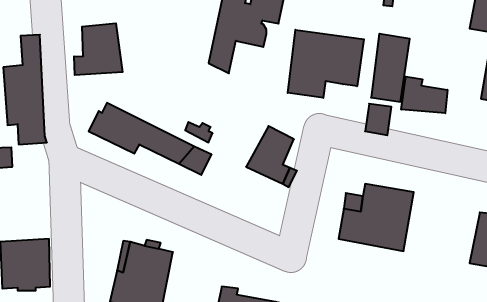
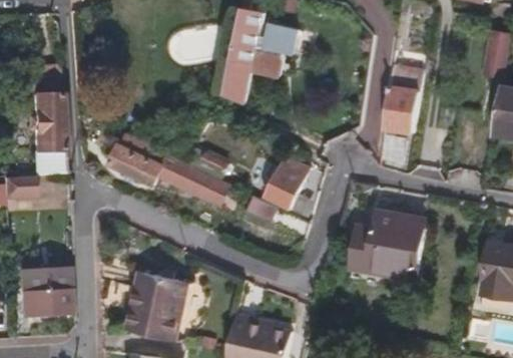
building: [74,23,123,75] -> none
building: [288,30,364,98] -> none
building: [401,77,447,113] -> none

